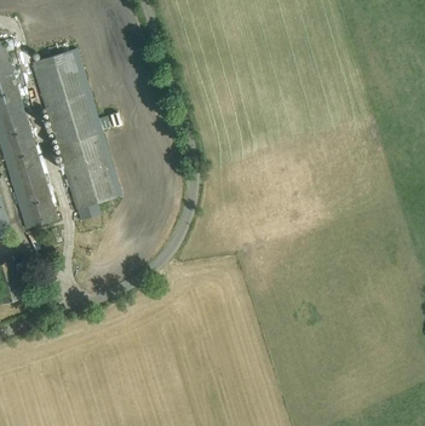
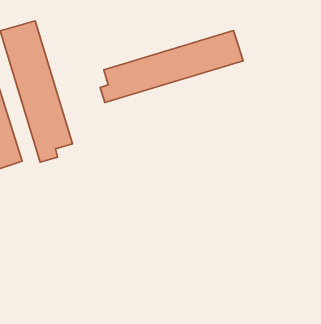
building: none -> [100,31,243,102]

